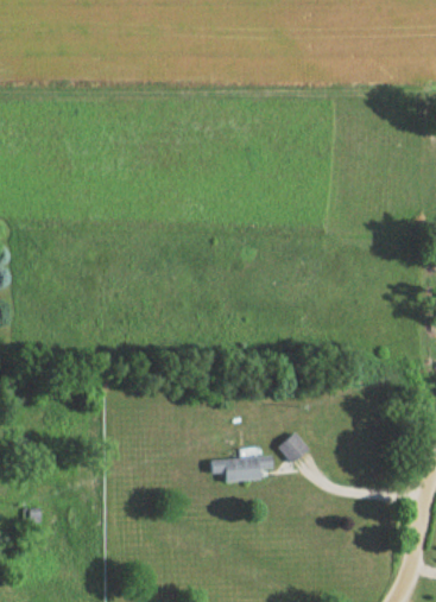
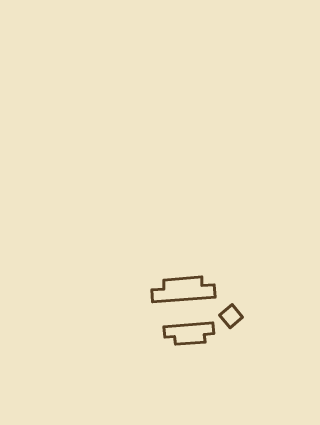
building: none -> [152,277,215,302]

